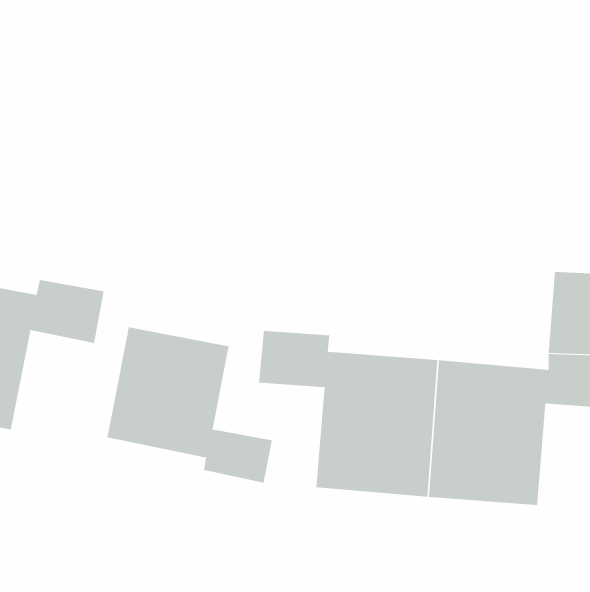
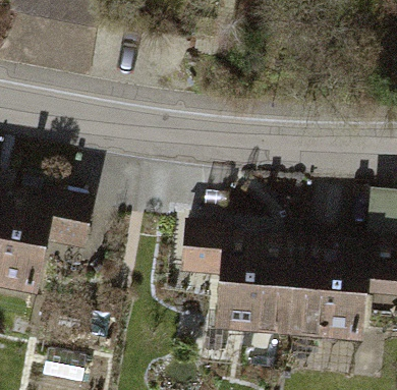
building: [107,326,273,483] -> none

